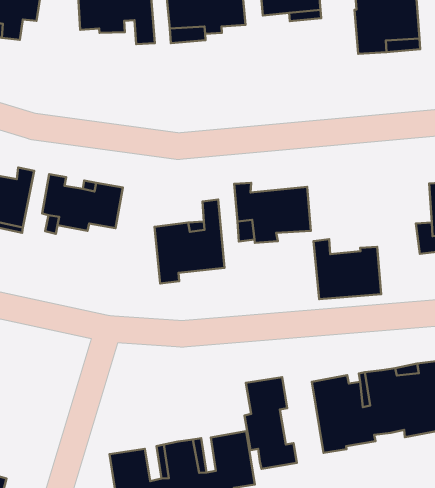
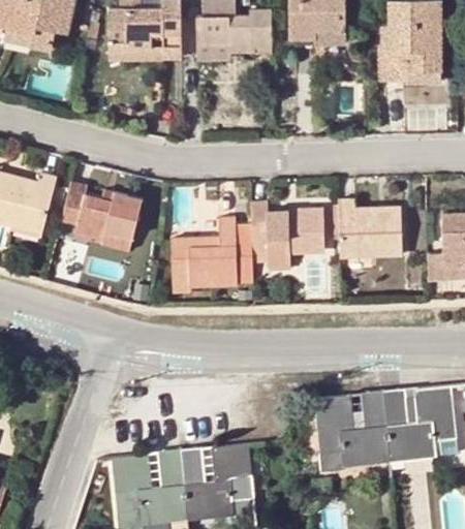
building: none -> [110,35,163,60]
building: [313,239,381,299] -> [339,197,402,255]
building: [244,377,297,469] -> none

